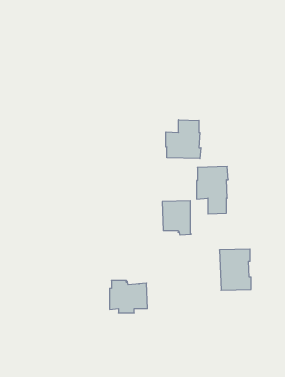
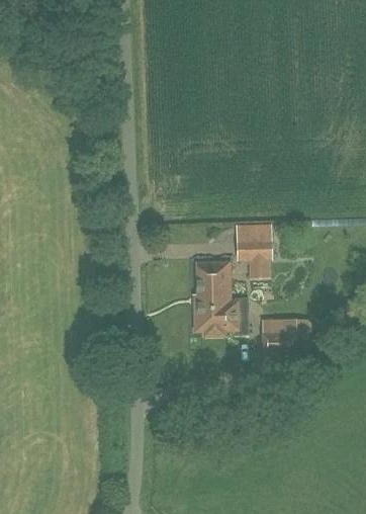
building: [166,120,201,159] -> none
building: [110,280,147,313] -> [196,297,240,335]

